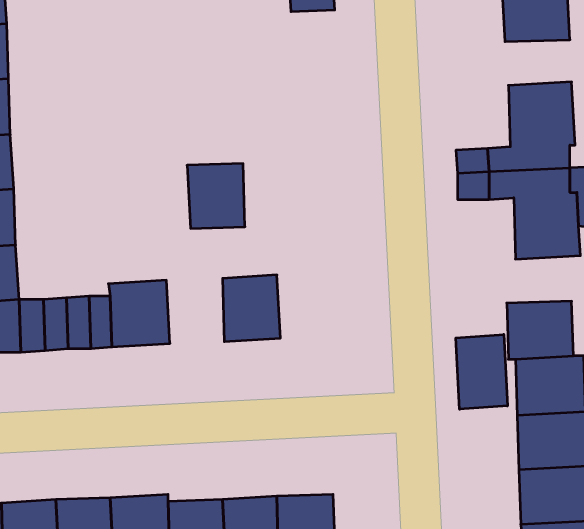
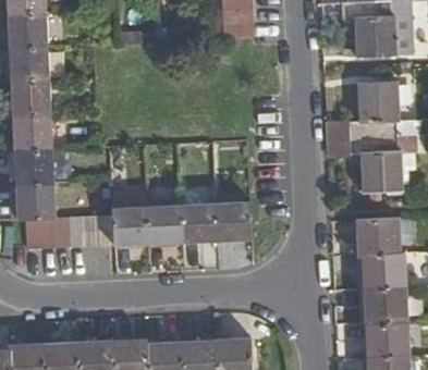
building: [187,164,245,228] -> [146,204,182,244]
building: none -> [215,200,252,240]
building: [456,334,507,409] -> none

